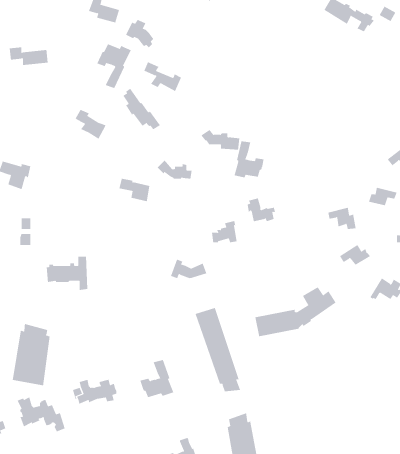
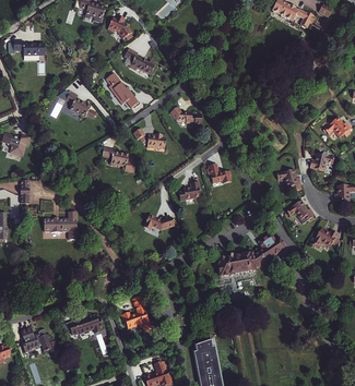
building: [96,44,132,89] -> none
building: [234,141,264,178] -> none
building: [195,307,241,392] -> none
building: [12,323,50,386] -> none

